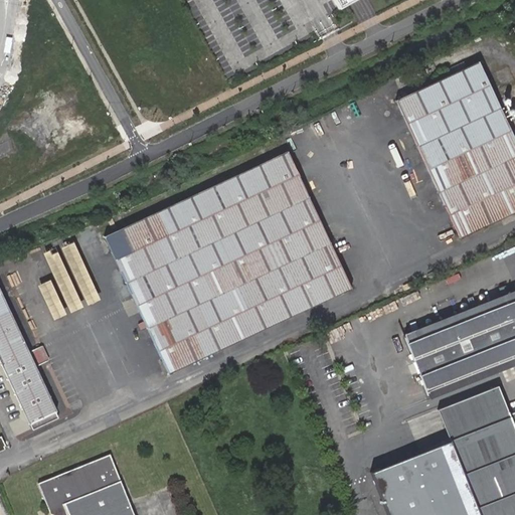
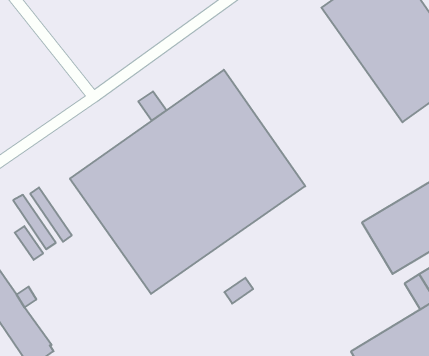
building: none -> [138,91,166,121]
building: none -> [224,278,253,304]

